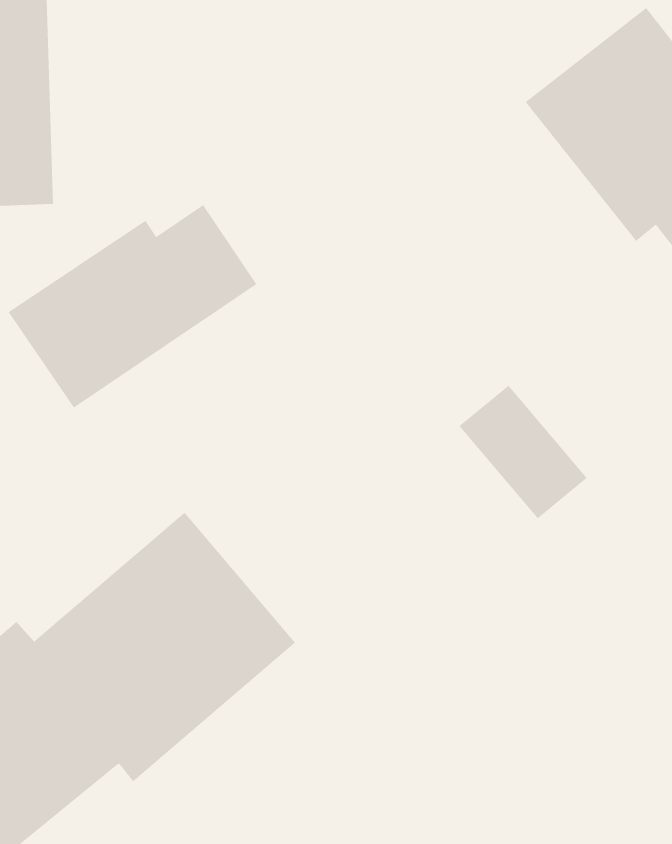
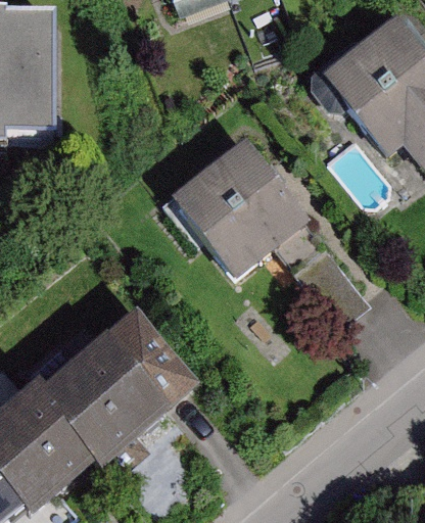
building: [8,204,257,409] -> none
building: none -> [176,148,308,283]

